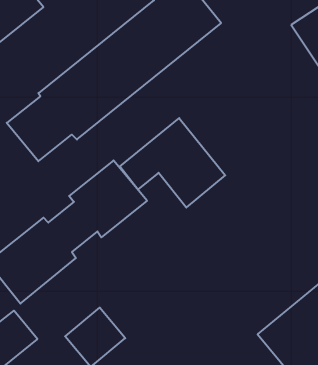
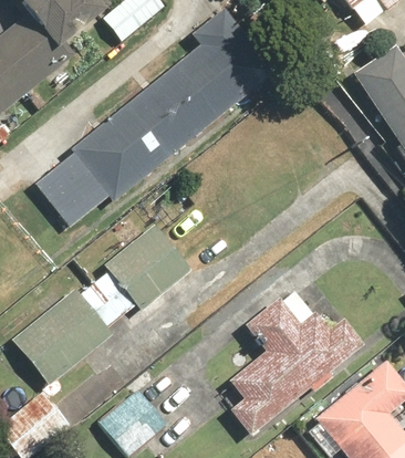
building: [120,118,225,208] -> none
building: none -> [228,292,364,436]

